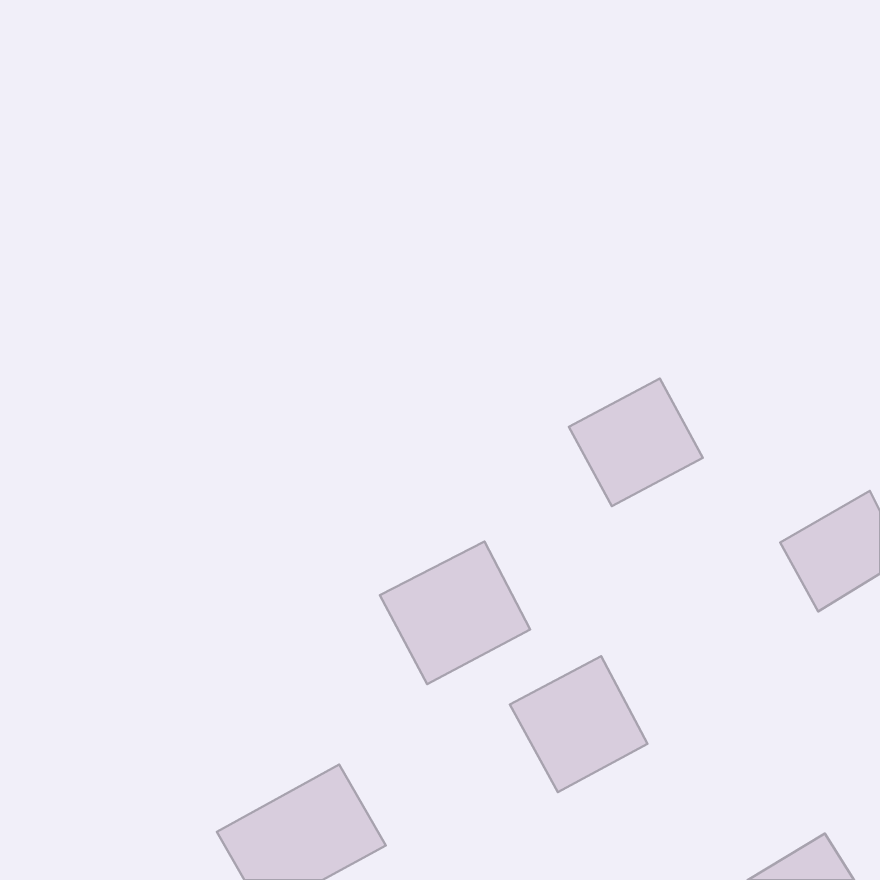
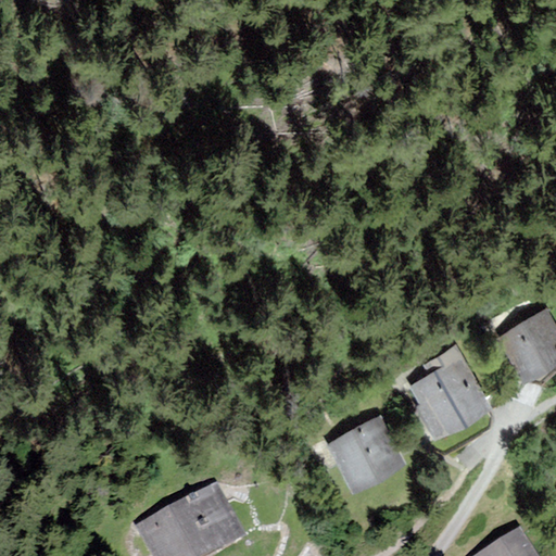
building: [569,379,703,506] -> [406,358,491,439]
building: [380,542,530,684] -> none

